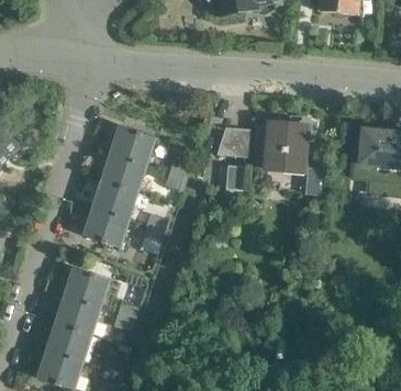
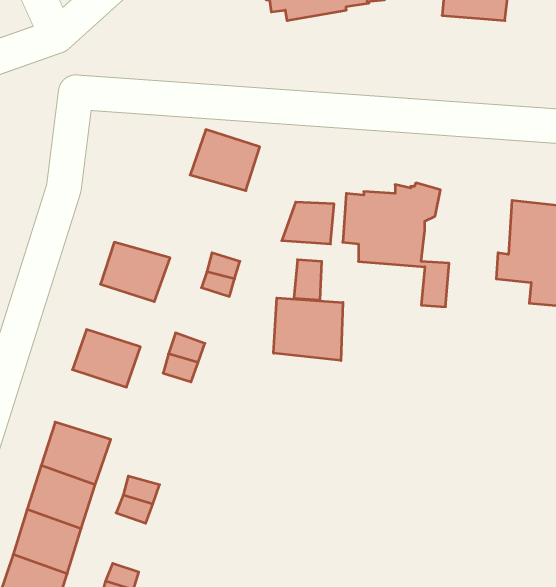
building: [110,126,154,165] -> [190,130,260,191]
building: [92,181,135,221] -> none
building: none -> [274,298,343,361]

